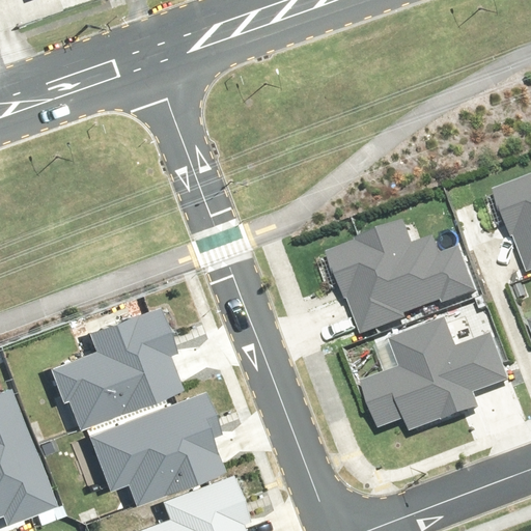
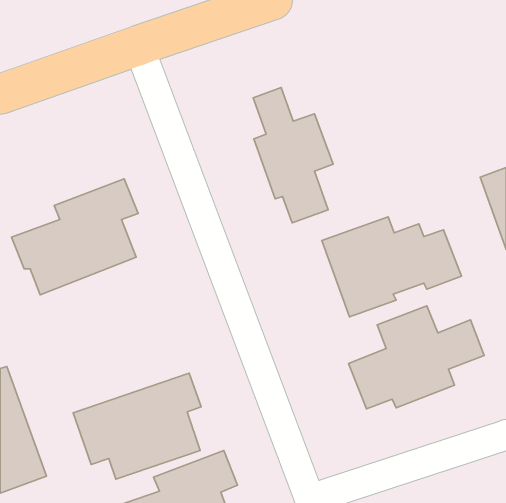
building: none -> [253,88,333,223]
building: [48,301,180,422] -> [11,179,138,295]

